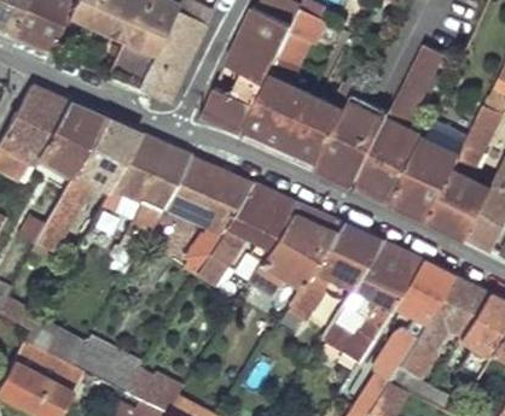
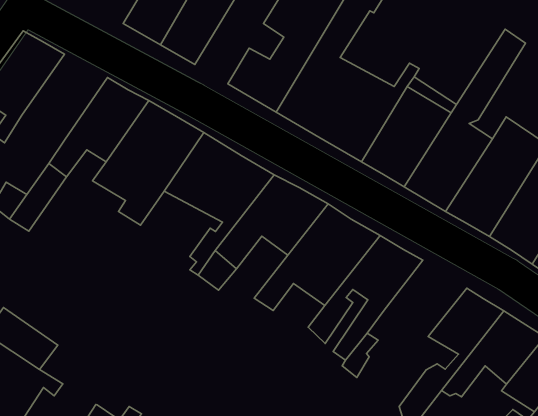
building: [36,102,104,174] -> none
building: [339,242,419,362] -> none
building: [72,339,140,389] -> none

